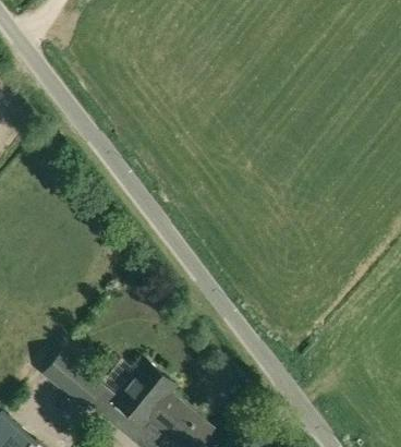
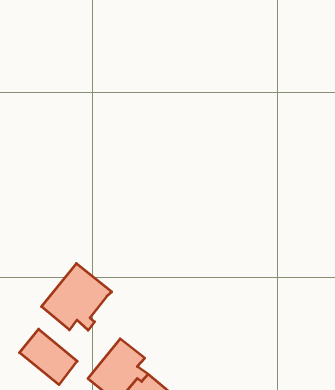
building: none -> [41,263,112,330]

